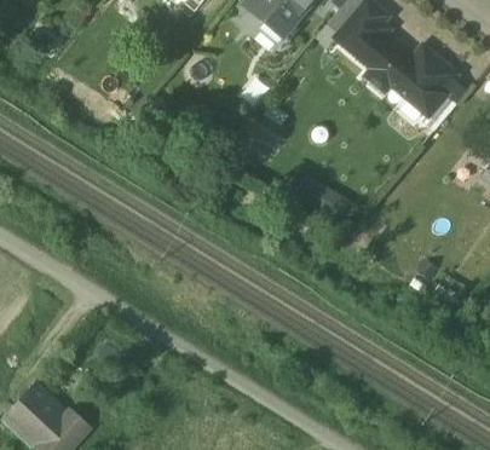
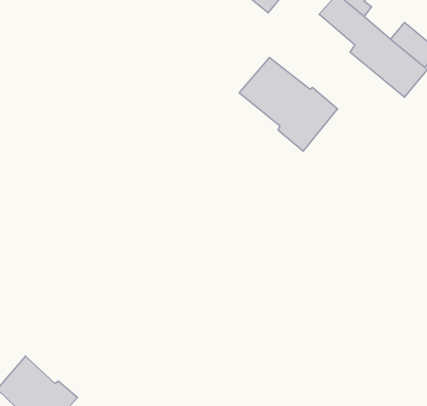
building: none -> [239,58,337,151]

